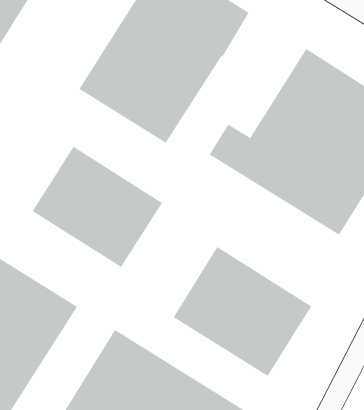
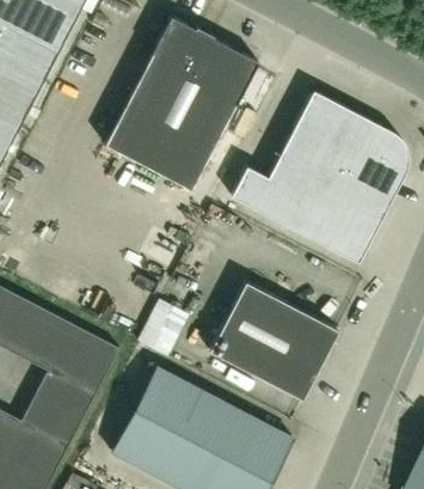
building: [32,146,163,268] -> none

